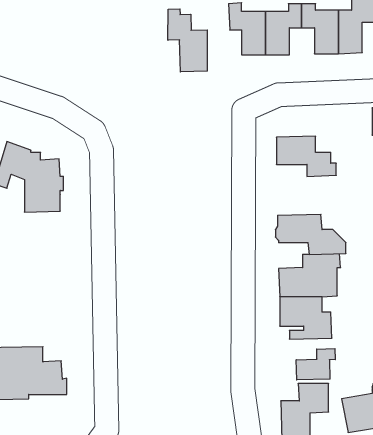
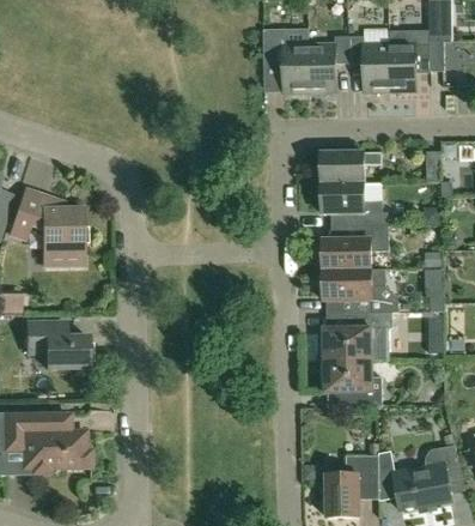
building: [168,9,207,72] -> none
building: none -> [321,151,380,182]
building: none -> [319,224,388,268]
building: none -> [26,319,89,367]
building: [296,349,335,380] -> none

